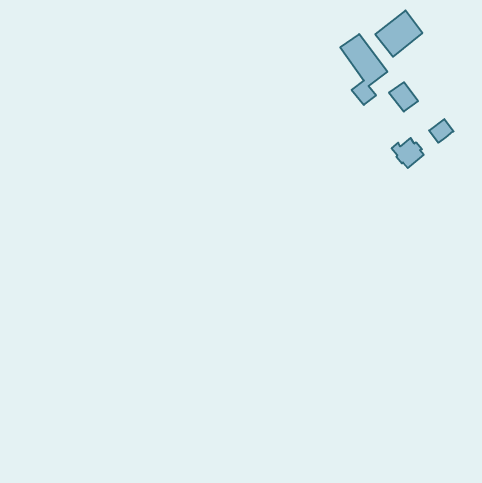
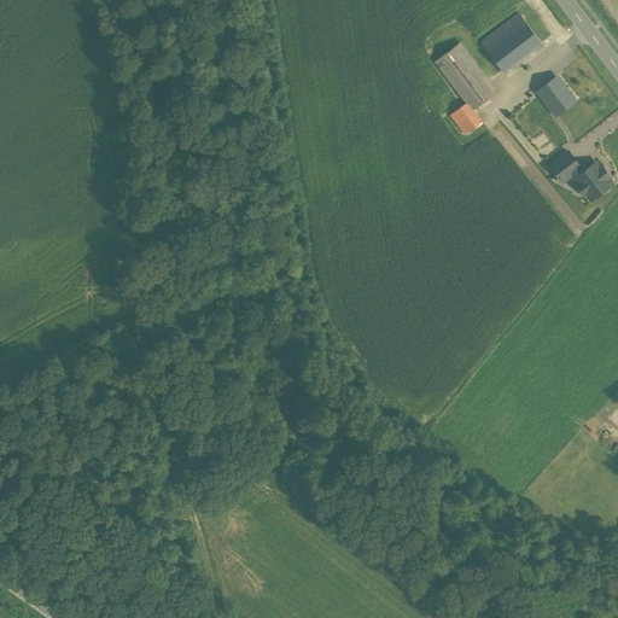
building: [389,82,418,112] -> [536,77,573,115]
building: [392,138,424,168] -> [570,162,611,200]

